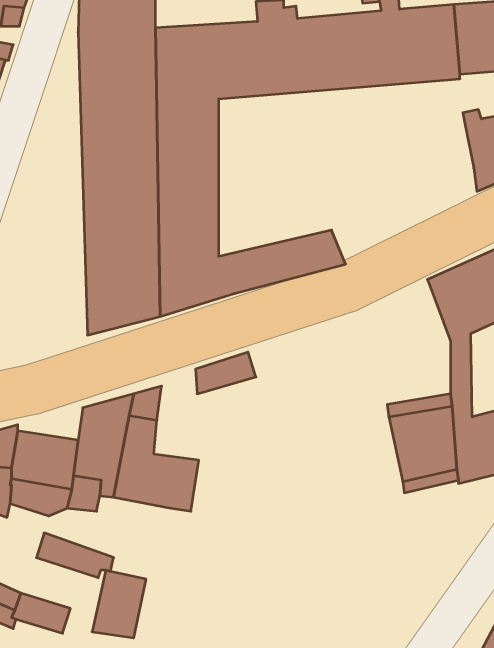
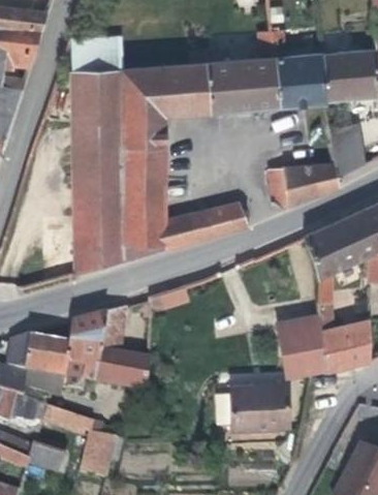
building: none -> [269,161,339,210]
building: none -> [229,384,289,430]

